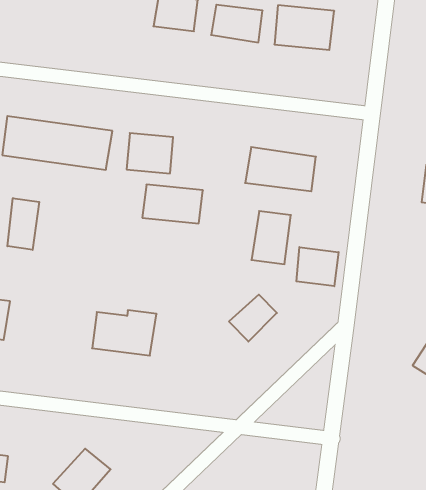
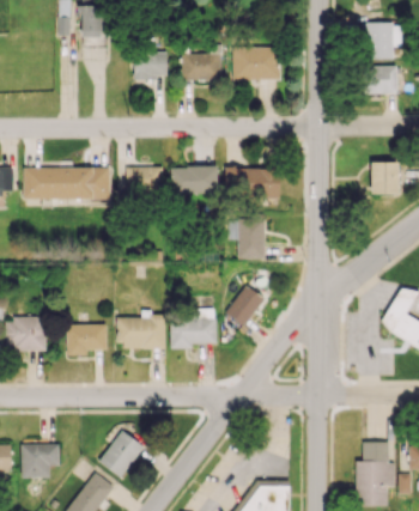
building: [142,185,203,223] -> [171,166,218,195]
building: [7,198,39,250] -> none
building: [296,247,339,286] -> none
building: none -> [170,310,217,348]
building: none -> [67,324,108,354]

